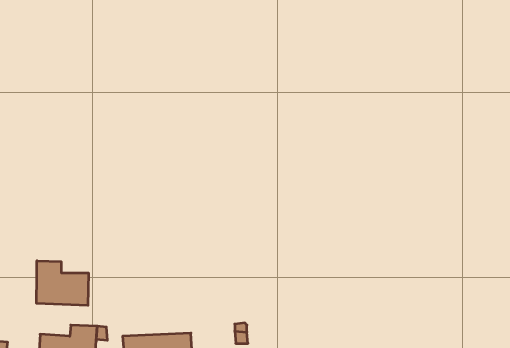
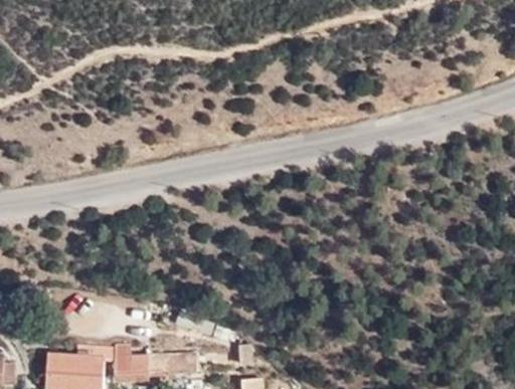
building: [37,261,88,305] -> none

